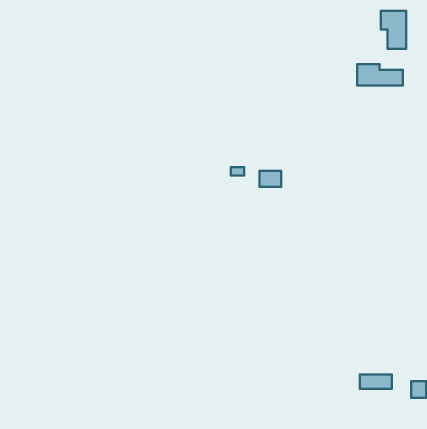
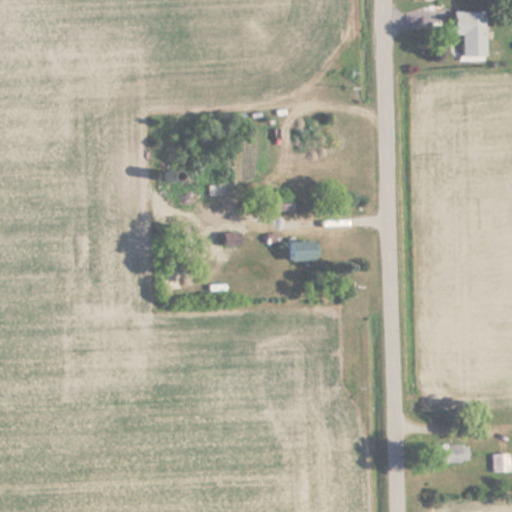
building: [357,64,403,85] -> none
building: [259,171,281,187] -> [292,241,318,260]

